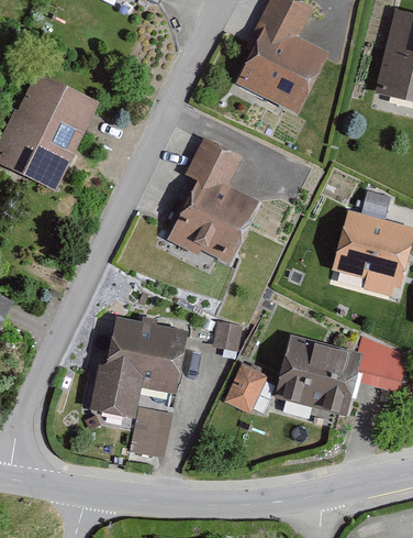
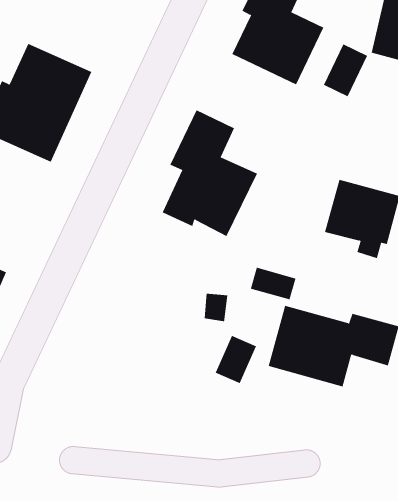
building: none -> [323,43,368,97]
building: none -> [250,267,296,300]
building: [90,319,189,458] -> none

